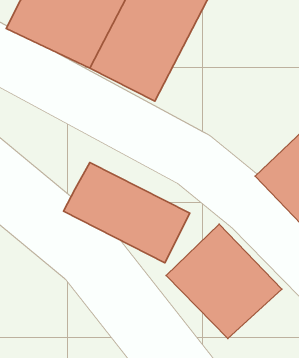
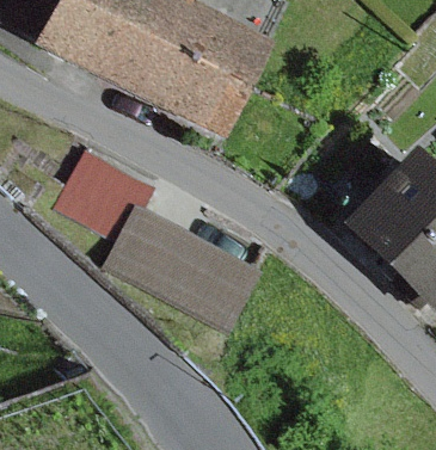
building: none -> [59,148,153,239]
building: [166,224,282,338] -> none

